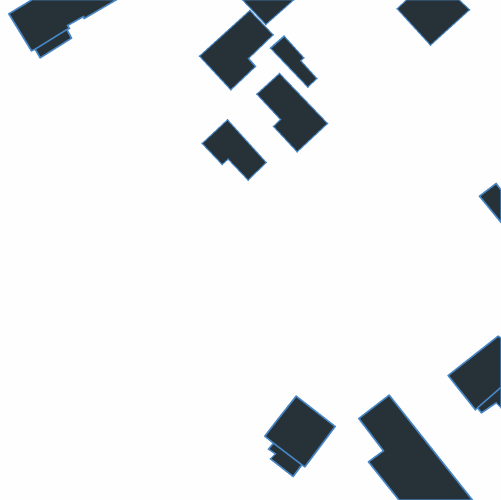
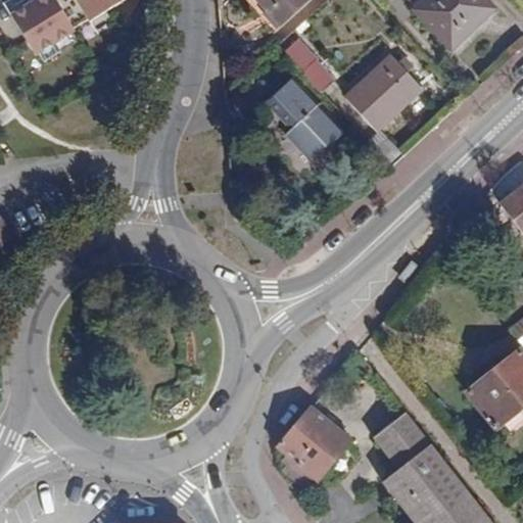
building: [199,10,273,90] -> none
building: none -> [345,58,420,131]
building: [202,120,266,180] -> none

